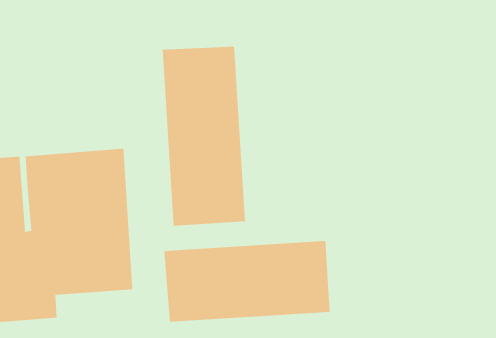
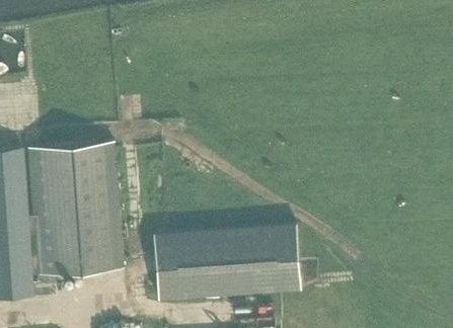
building: [162,46,246,226] -> none

